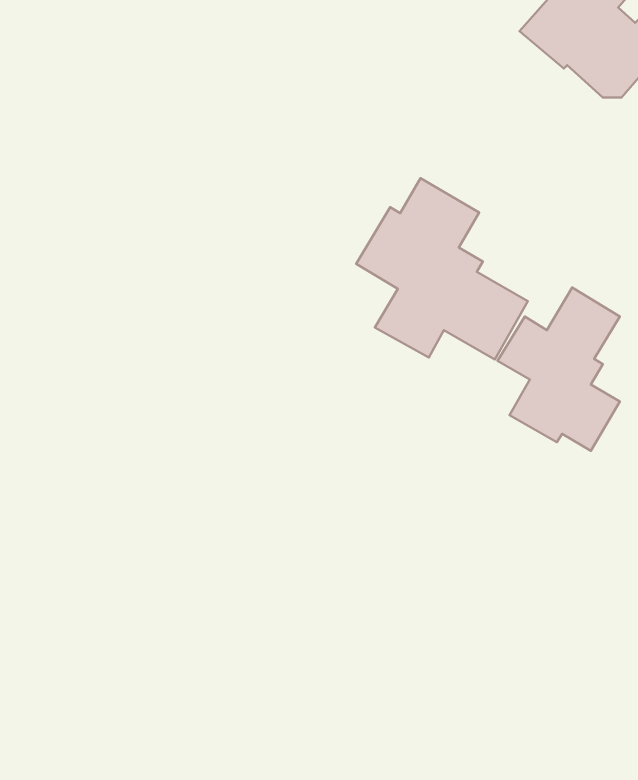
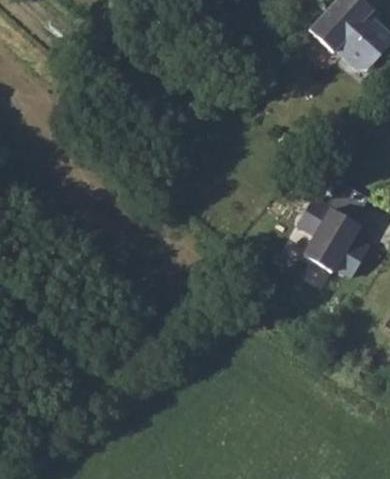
building: [356,178,528,359] -> none

